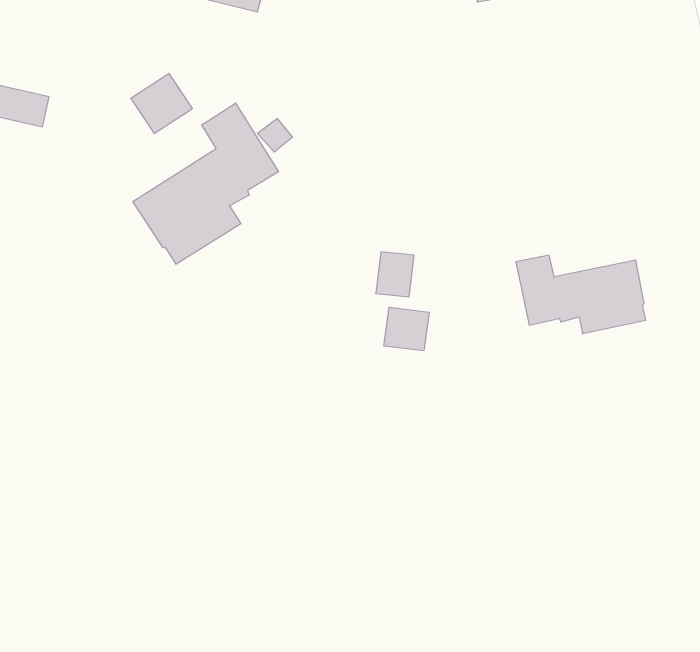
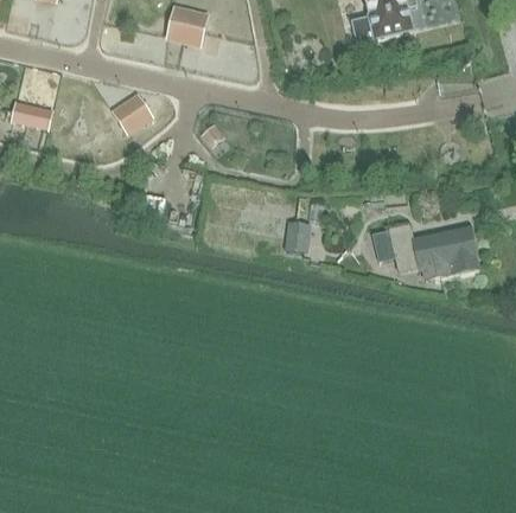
building: [133,103,279,264] -> none
building: [384,307,429,351] -> none

